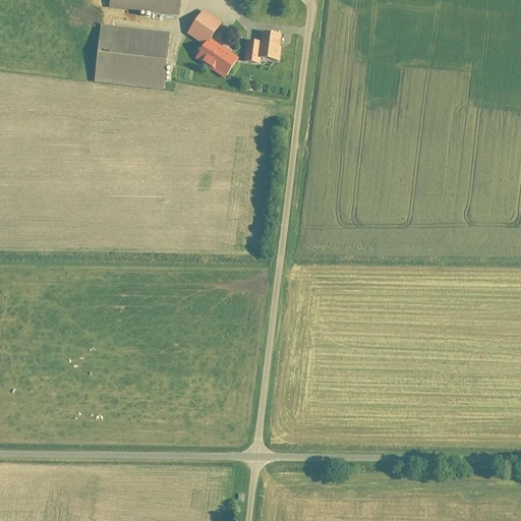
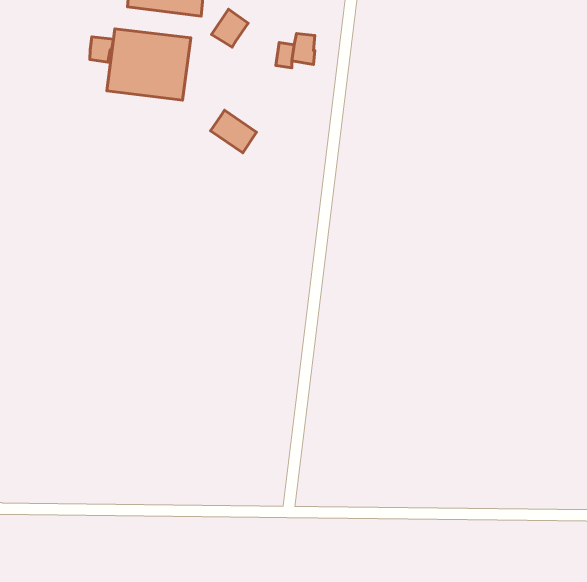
building: none -> [90,37,114,62]
building: [196,37,237,74] -> [211,110,257,153]

